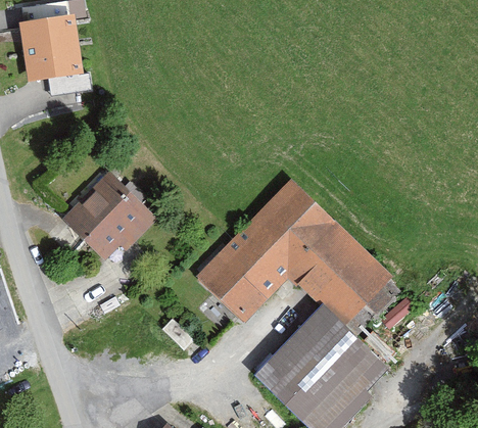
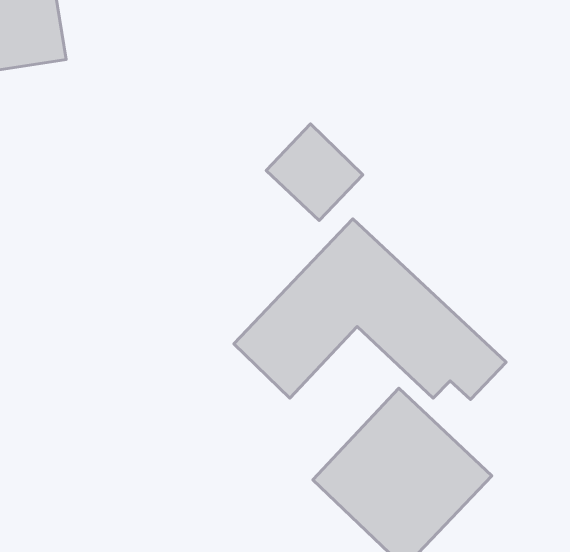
building: none -> [266,124,363,220]
building: [68,174,144,250] -> none

